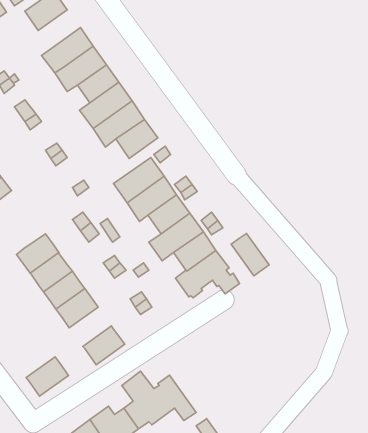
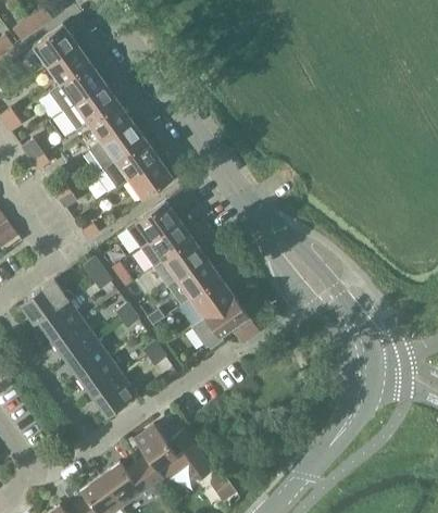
building: none -> [46,45,90,85]
building: [231,233,269,276] -> none
building: [26,357,68,396] -> [78,358,123,399]

